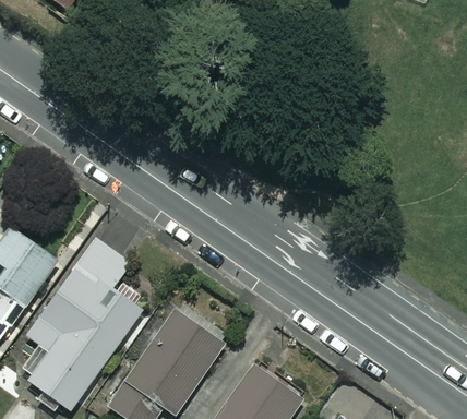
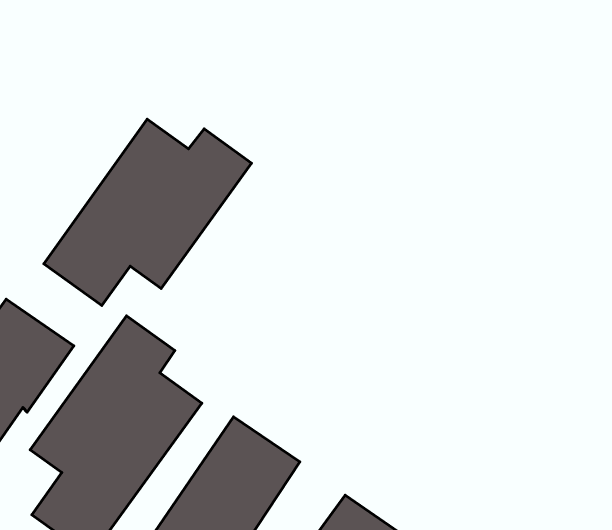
building: none -> [44,119,252,305]

